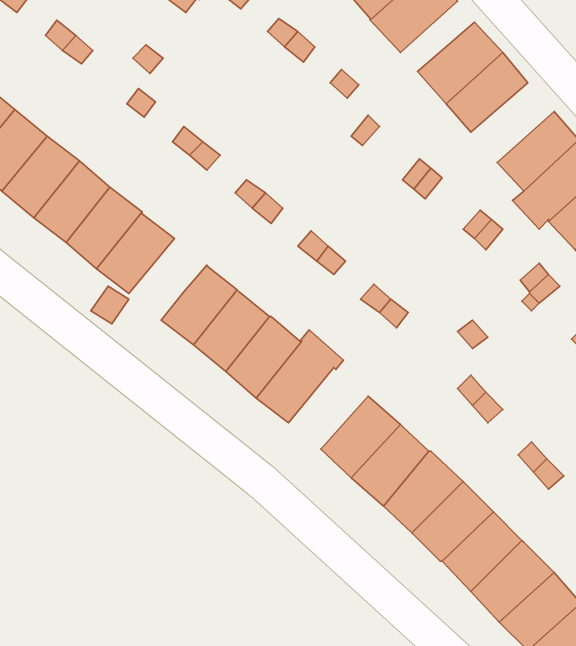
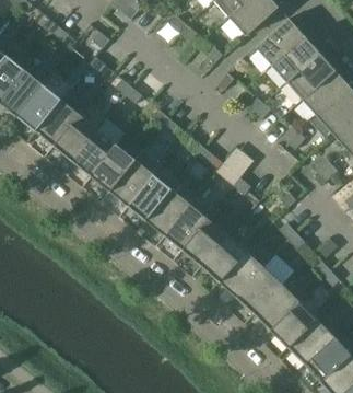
building: none -> [286,53,334,99]
building: none -> [90,142,134,189]
building: none -> [181,217,227,264]

